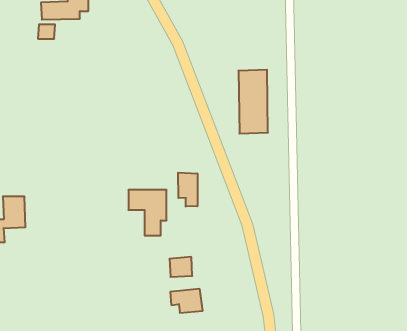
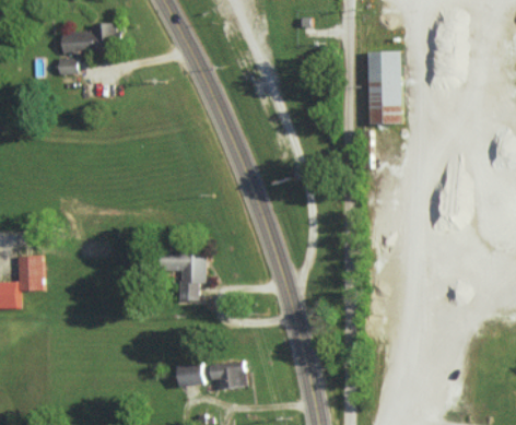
building: [238,70,268,134] -> [367,51,401,125]
building: [178,173,197,207] -> none
building: [169,257,192,277] -> [176,363,202,386]

